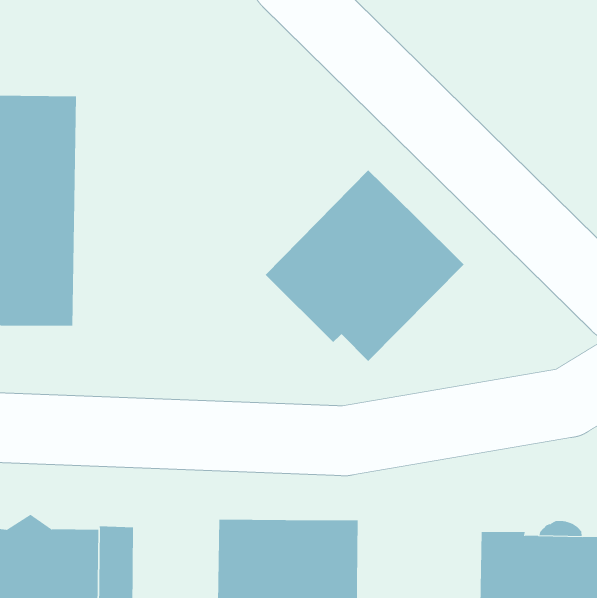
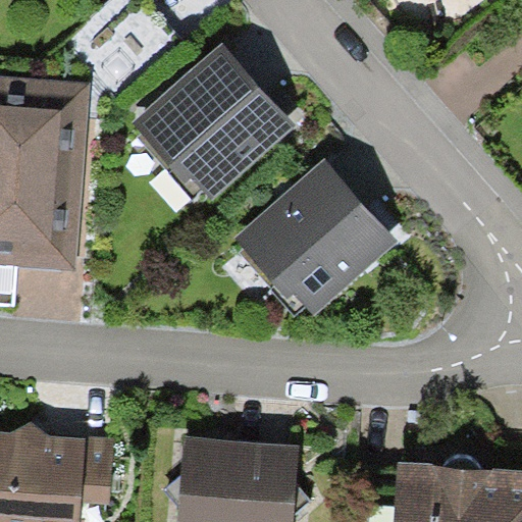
building: none -> [130,44,295,201]

